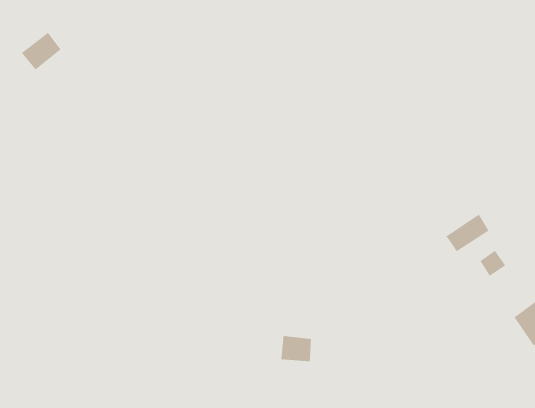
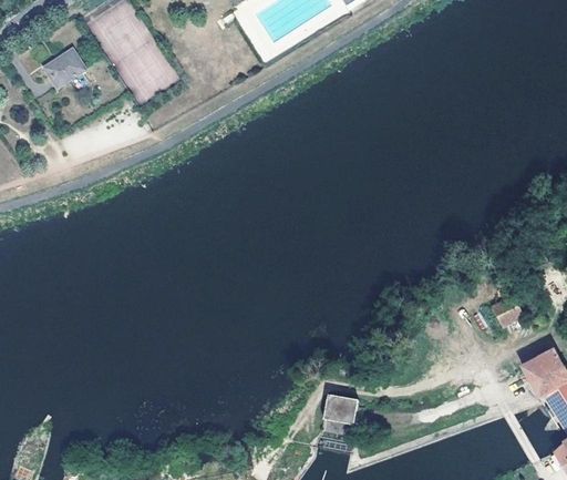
building: [445,214,490,252] -> none
building: [280,335,312,362] -> [323,391,357,420]

